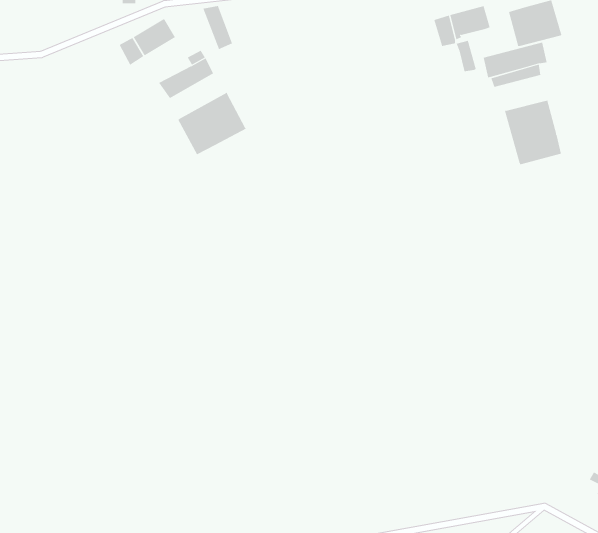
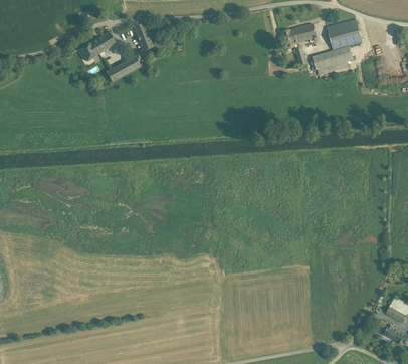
building: [178,91,247,155] -> none
building: [504,99,562,165] -> none

